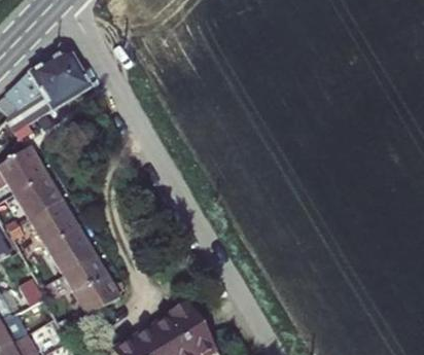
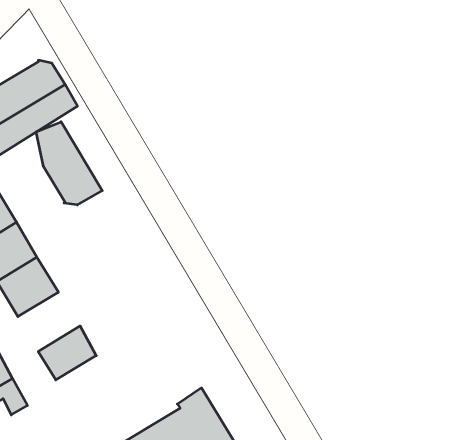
building: none -> [36,122,102,205]
building: [47,226,95,272] -> none
building: [76,275,120,316] -> none

